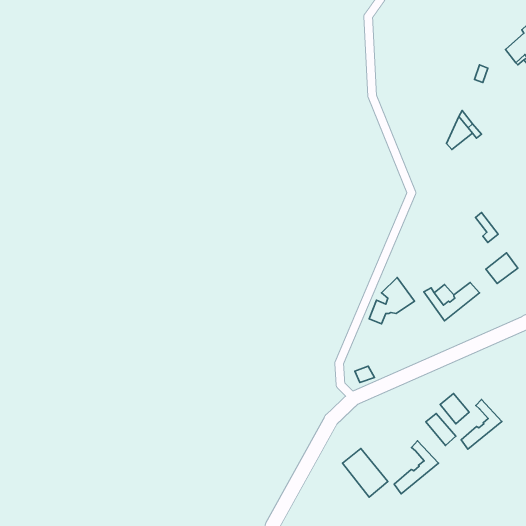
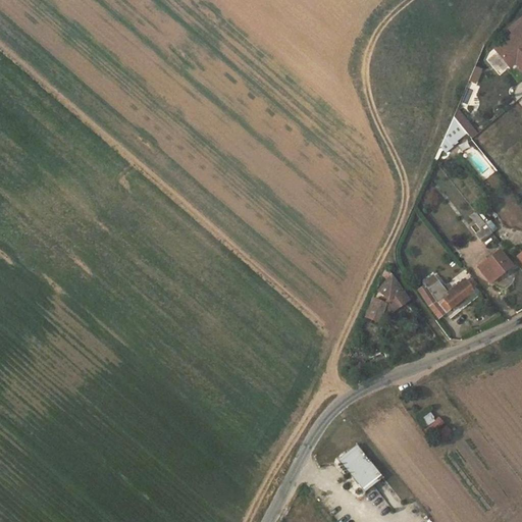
building: [440,394,469,424] -> none
building: [461,400,502,449] -> none
building: [394,441,438,494] -> none

